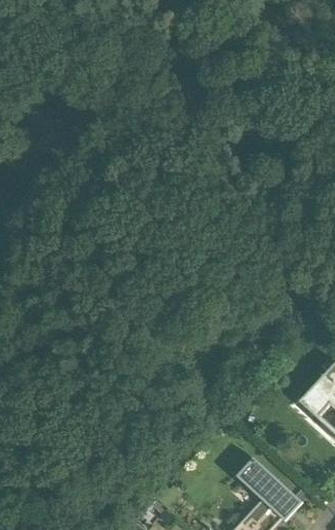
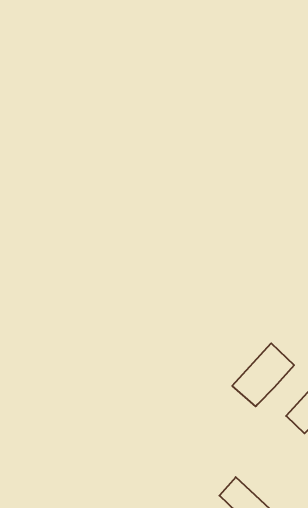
building: none -> [232,343,294,406]

